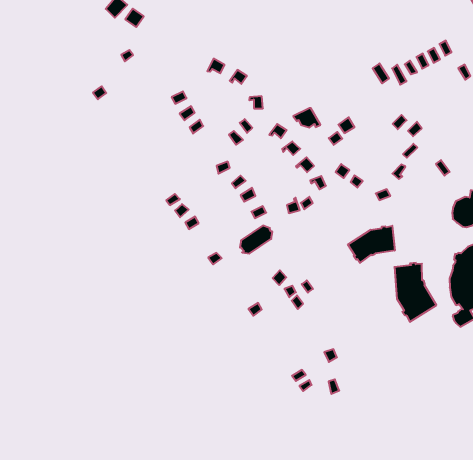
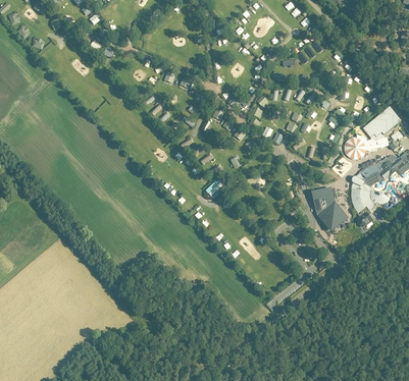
building: [348,226,395,263] -> none

